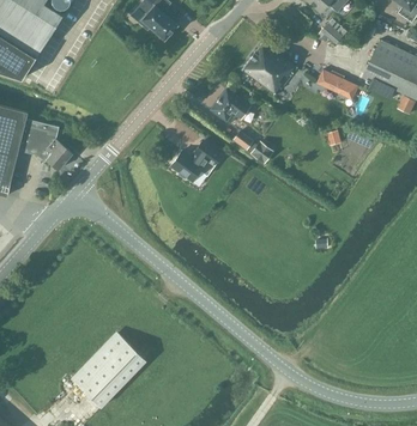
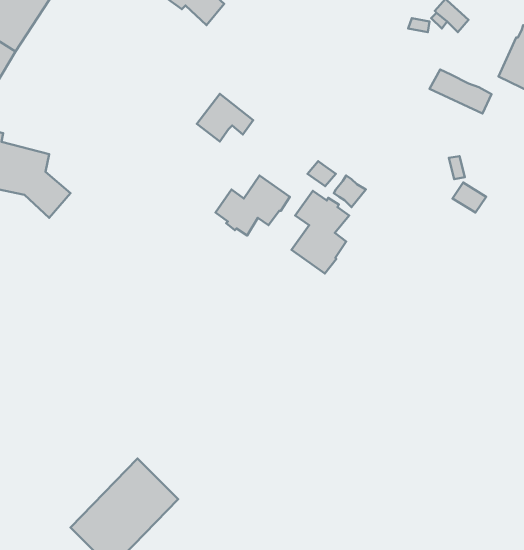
building: [241,42,296,93] -> none
building: [210,89,248,121] -> [197,94,253,142]
building: none -> [291,191,349,273]

